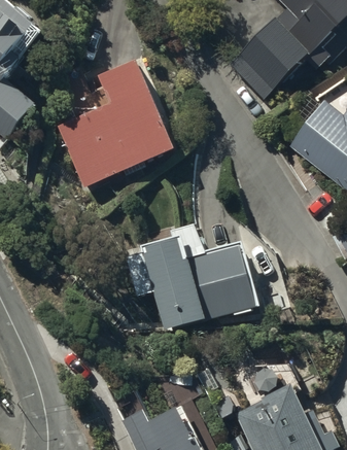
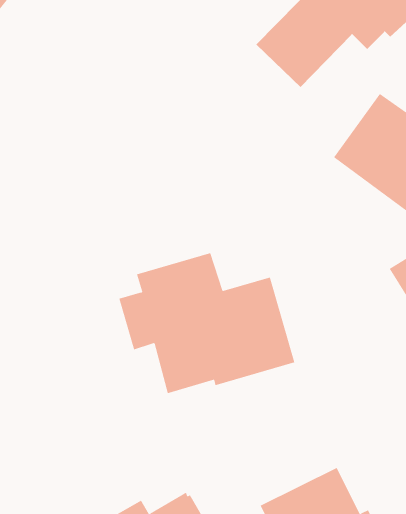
building: [57,58,174,186] -> none

